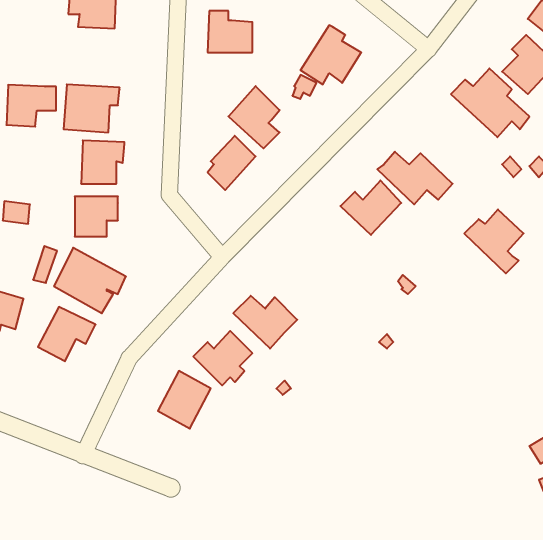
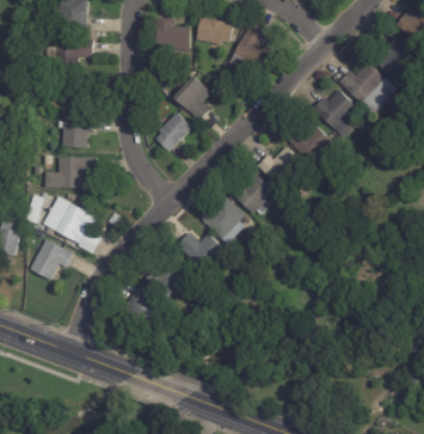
building: none -> [196,18,232,44]
building: [6,85,56,127] -> [56,37,93,68]
building: [464,209,524,273] -> [313,88,357,136]
building: none -> [231,173,275,214]
building: none -> [202,195,248,243]

